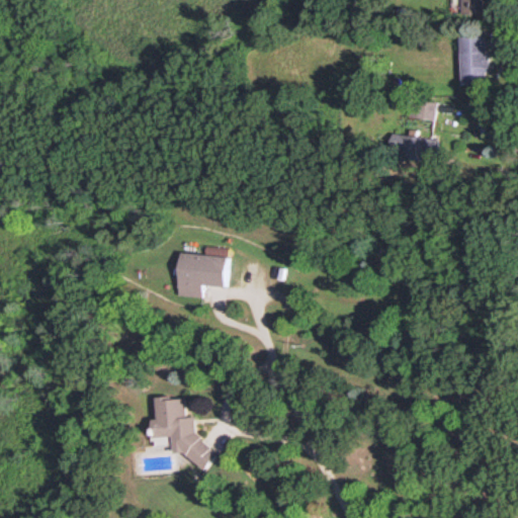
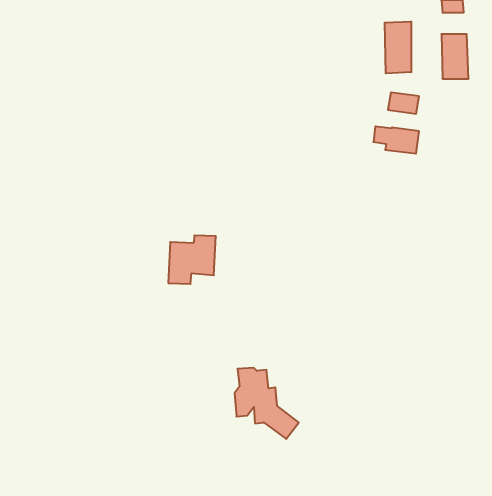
building: none -> [385,21,411,73]
building: [149,396,215,469] -> [235,368,299,439]

